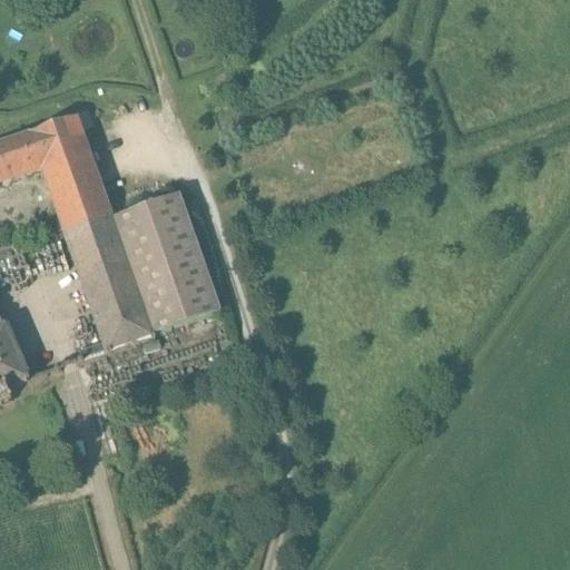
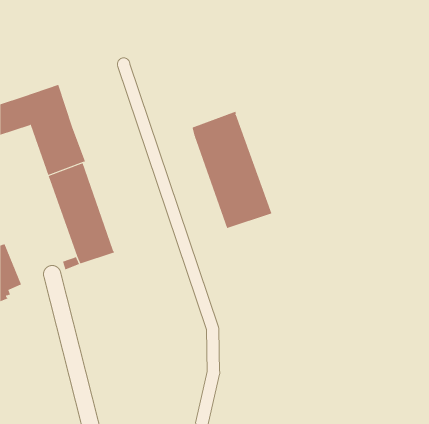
building: none -> [192,111,272,229]
building: [110,190,219,331] -> none

